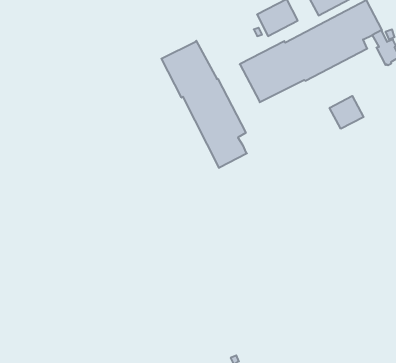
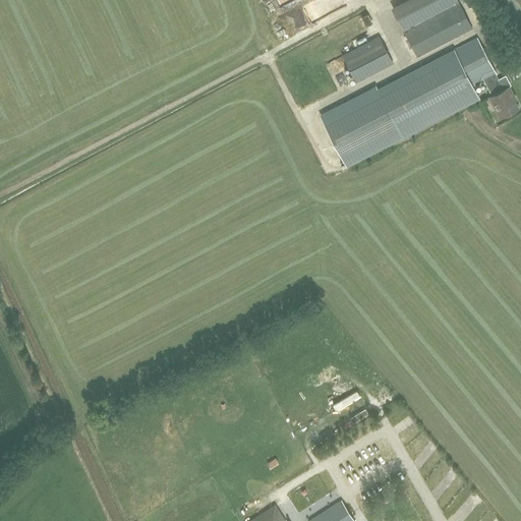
building: [161,41,247,168] -> none
building: [330,96,364,129] -> none

